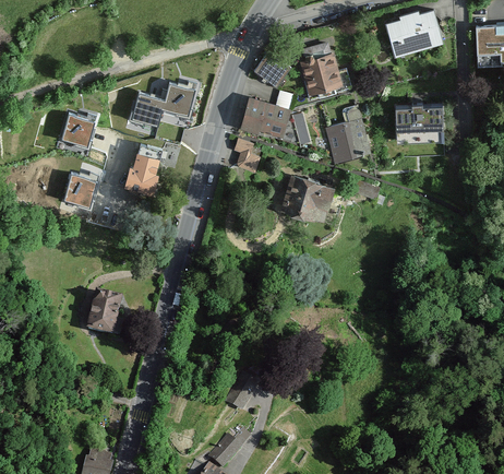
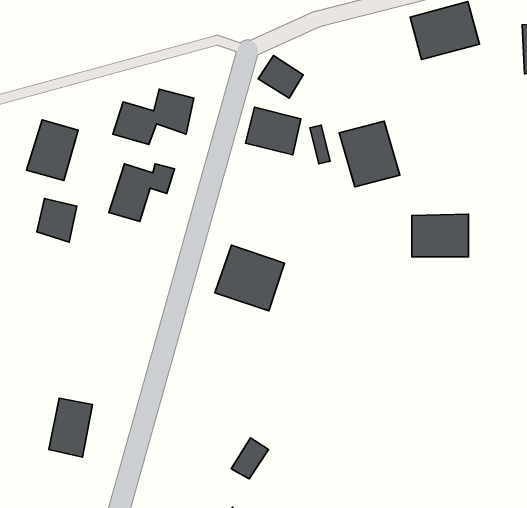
building: [297,45,344,99] -> none
building: [399,104,447,140] -> [412,214,468,257]
building: [233,141,261,175] -> none
building: [279,166,338,222] -> [215,245,284,311]
building: [83,289,120,340] -> [49,398,93,457]

